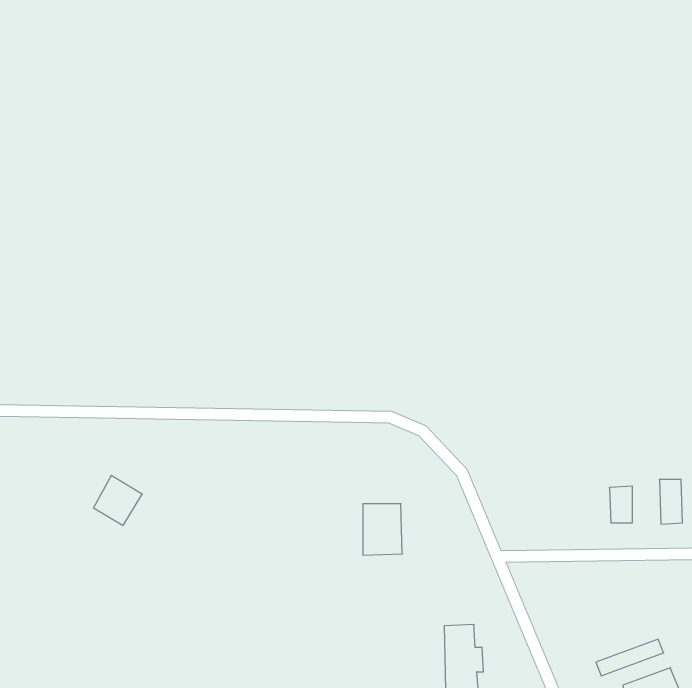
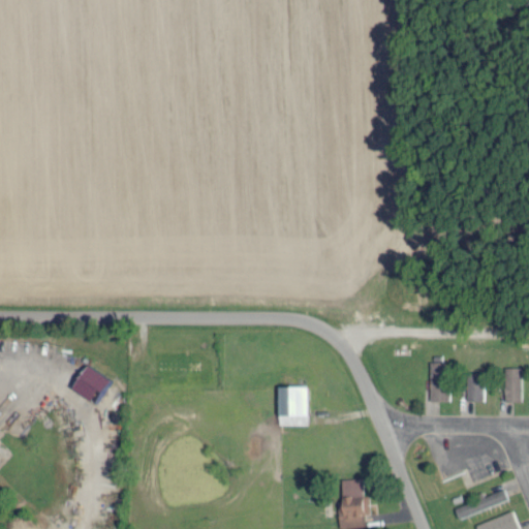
building: none -> [428,363,446,402]

